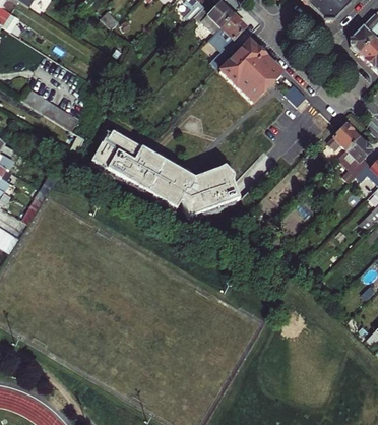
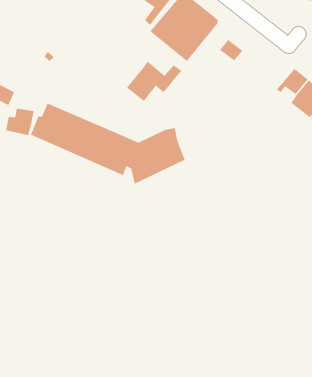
building: none -> [126,61,182,102]
building: none -> [6,108,34,136]

